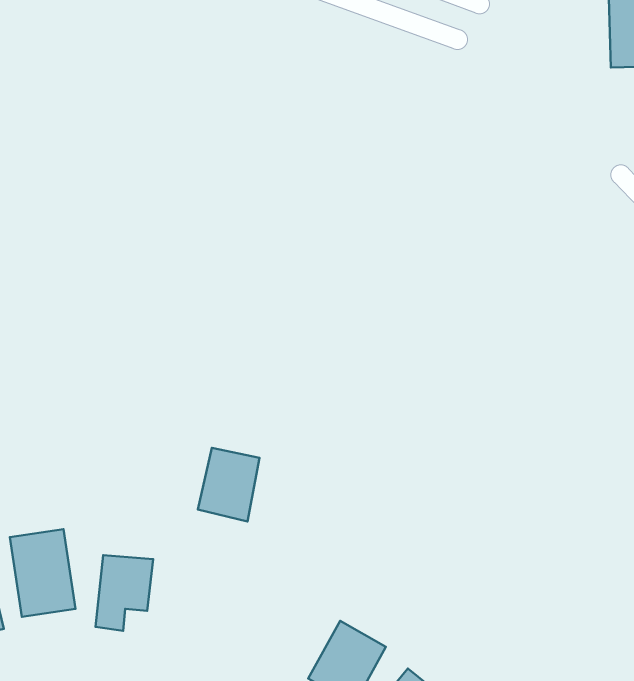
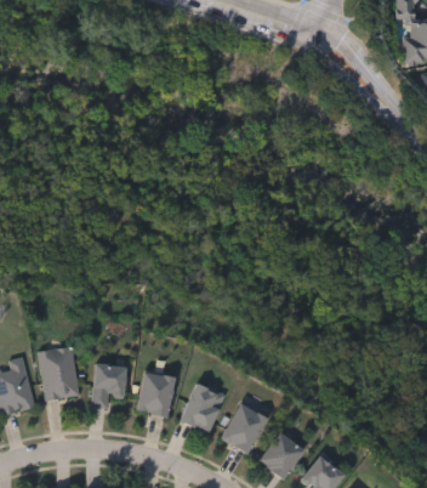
building: [198,448,260,521] -> [137,370,175,415]
building: none -> [181,382,226,431]

